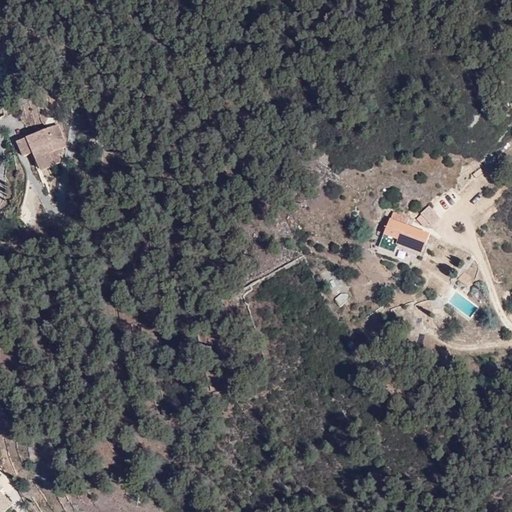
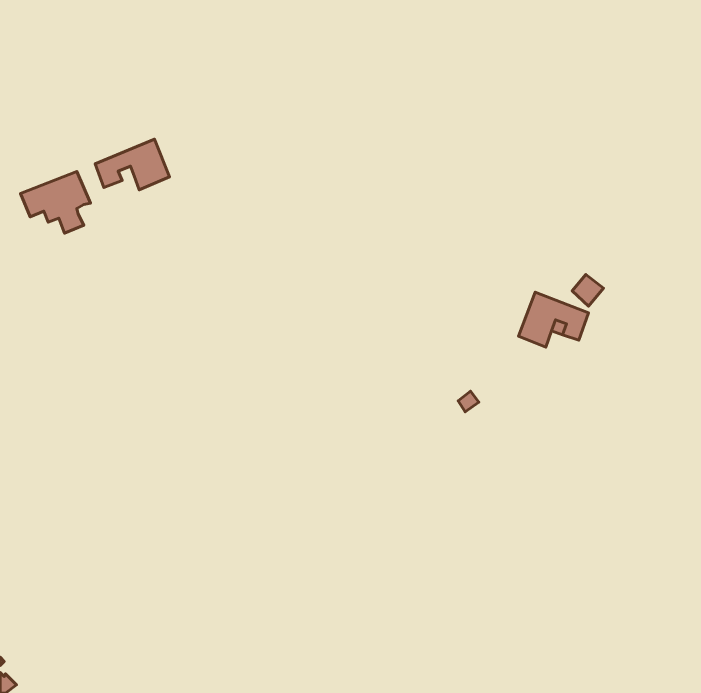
building: none -> [95,139,170,190]

